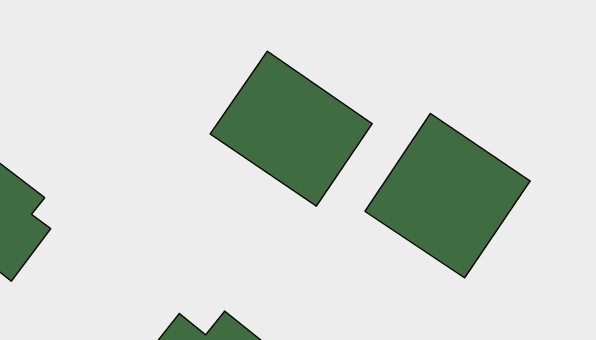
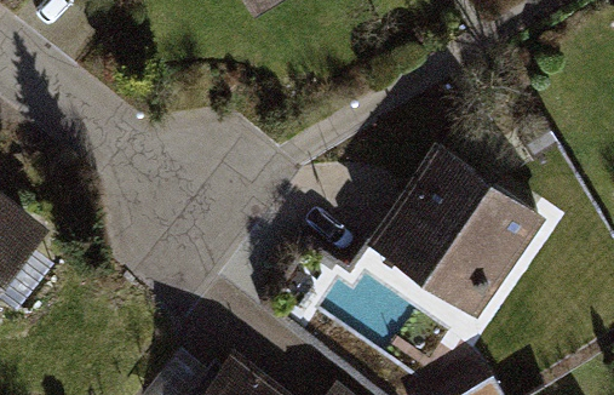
building: [210,51,372,206] -> none

